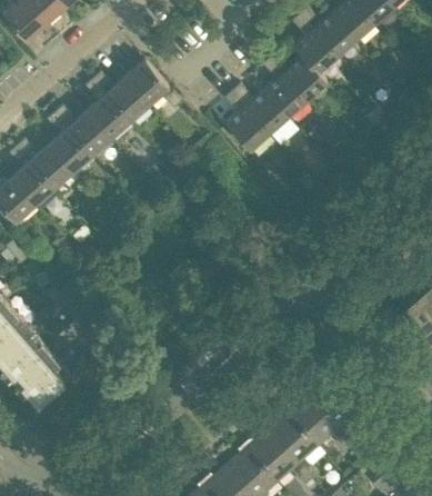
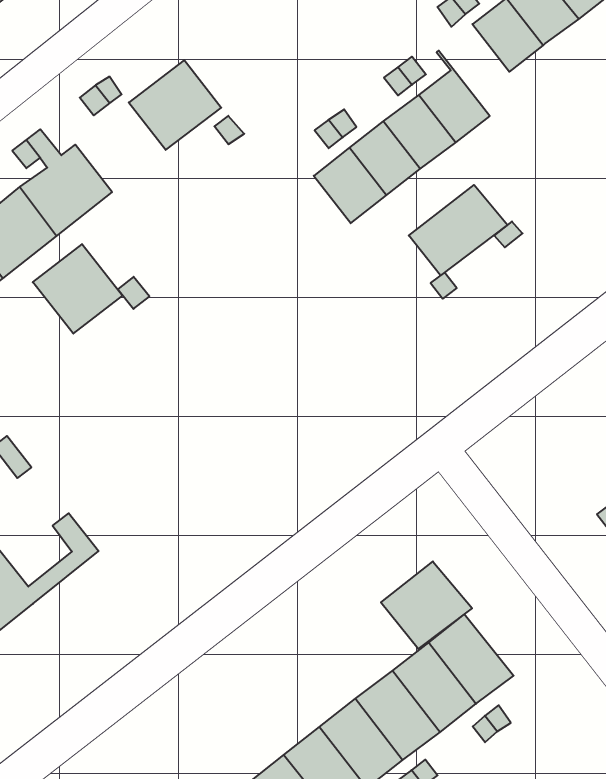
building: [293,32,335,86] -> none
building: [83,90,137,143] -> none
building: none -> [409,185,508,275]
building: none -> [33,244,123,334]
building: none -> [381,561,472,649]

